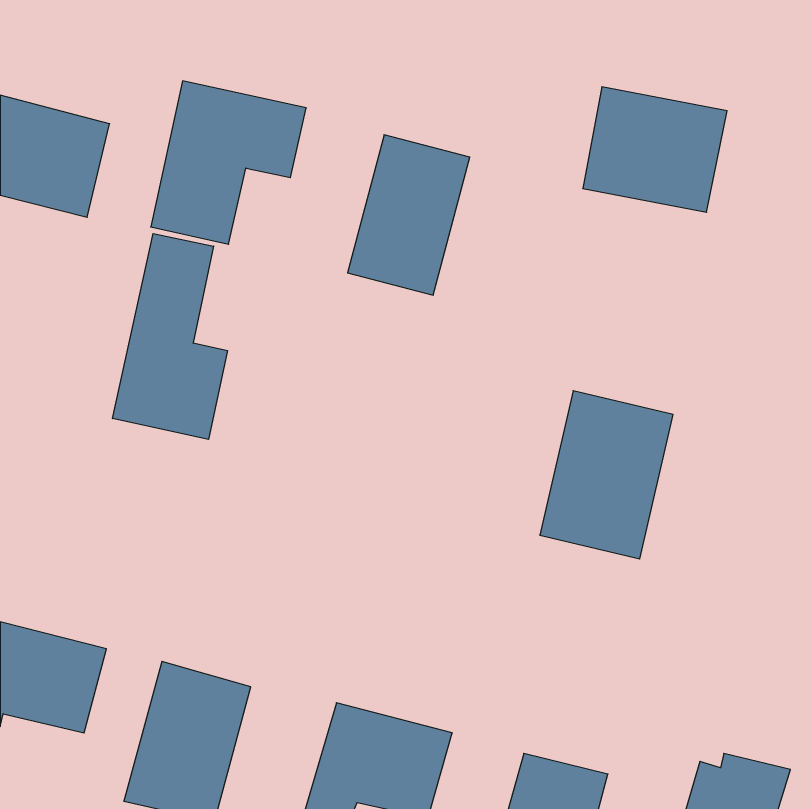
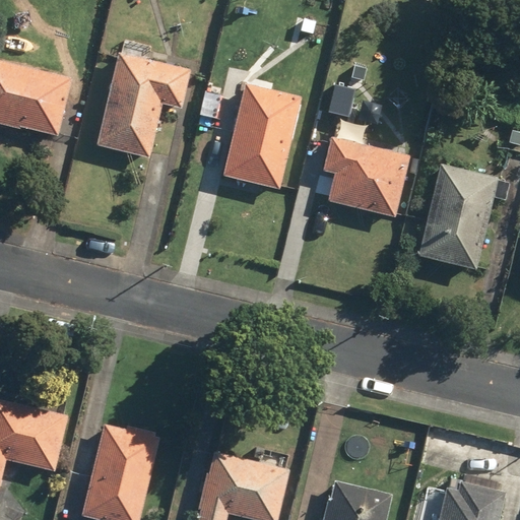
building: [583,87,727,212] -> [316,133,408,213]
building: [113,234,227,439] -> none
building: [540,391,673,559] -> [415,158,501,266]

